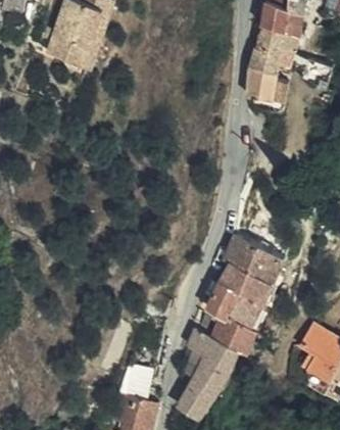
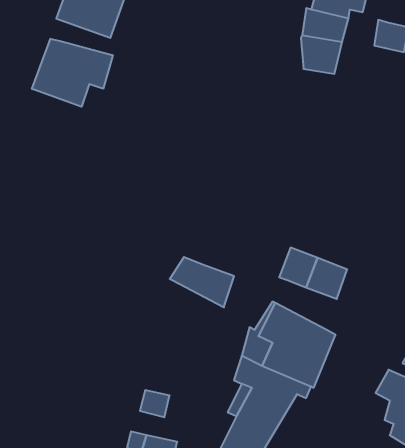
building: none -> [32,39,113,107]
building: [223,262,274,302] -> [170,257,234,307]

